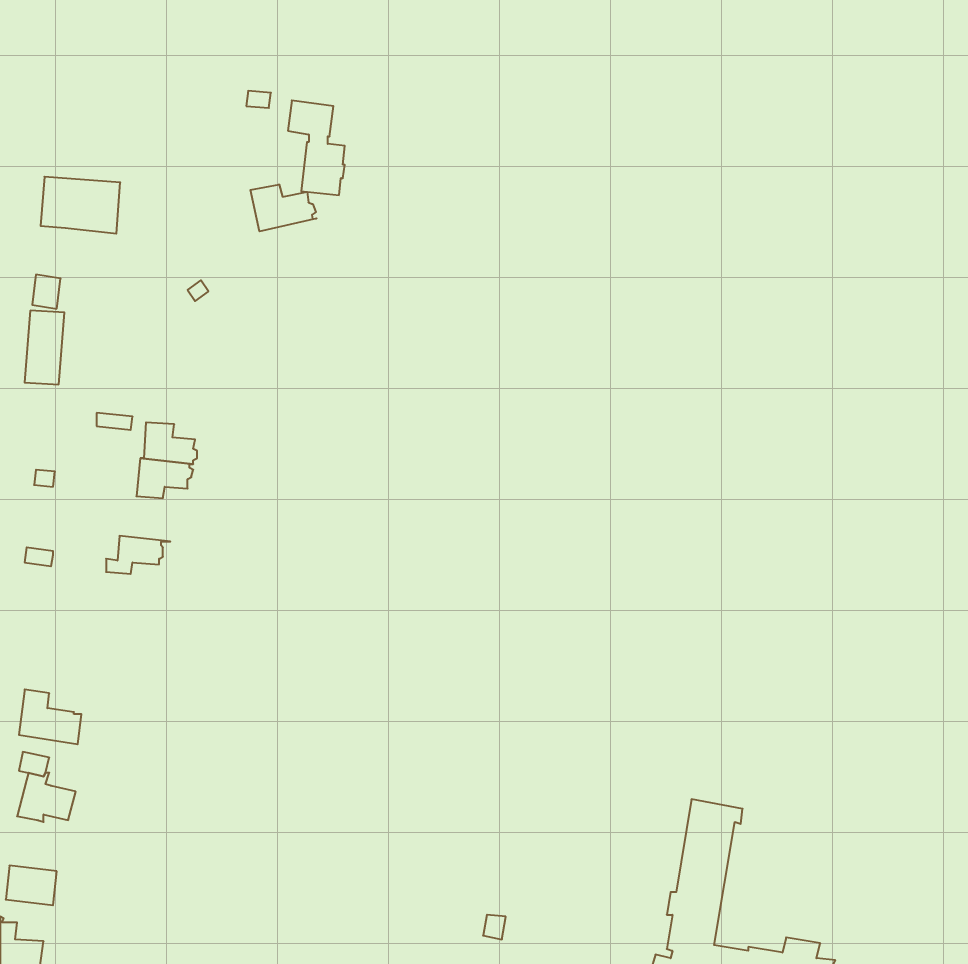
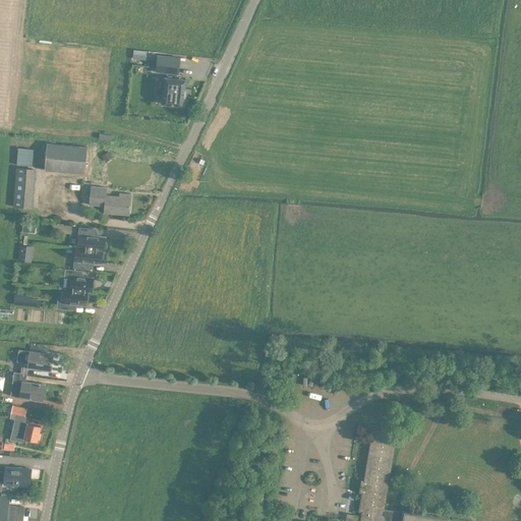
building: [41,177,120,234] -> [44,144,86,175]
building: [250,184,317,231] -> none
building: none -> [89,187,130,216]
building: none -> [59,271,94,293]
building: none -> [13,352,53,374]

